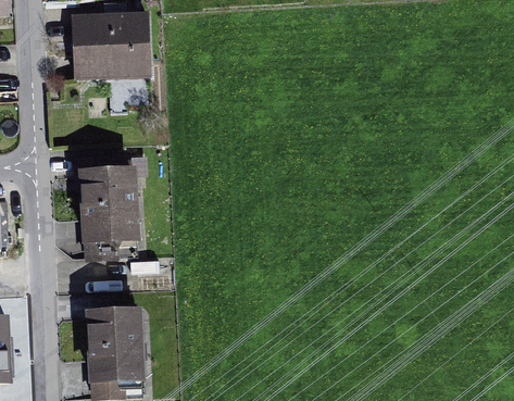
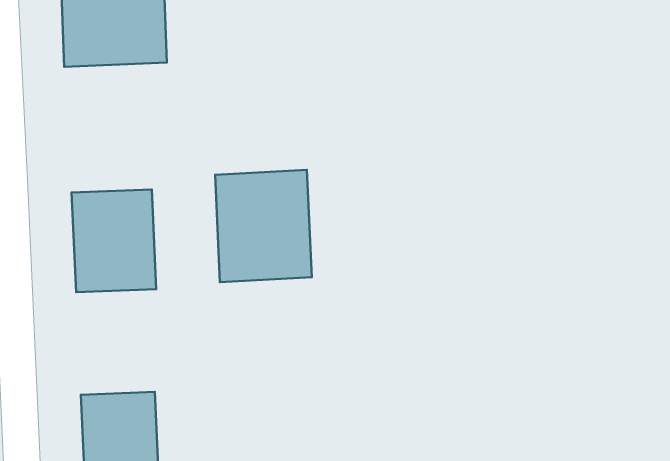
building: none -> [215,170,312,282]

